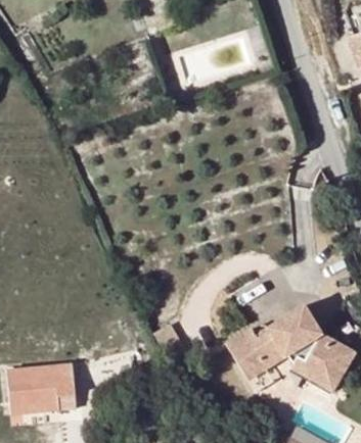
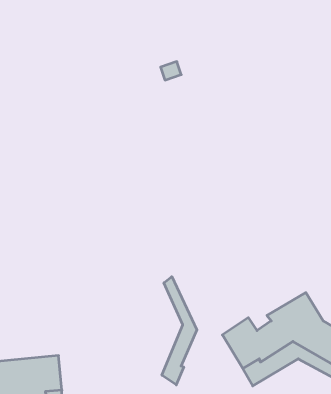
building: none -> [162,277,197,385]

